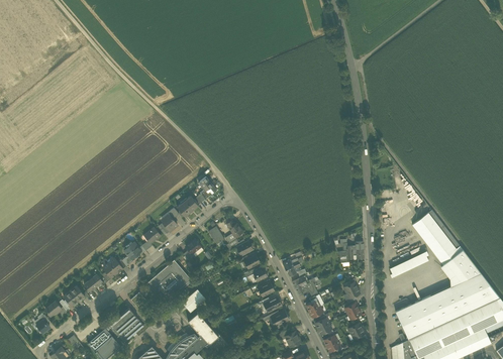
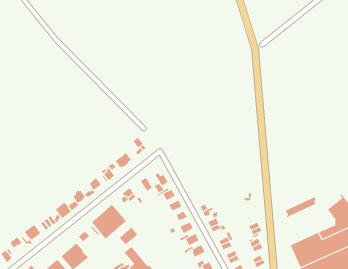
building: [412,211,460,267] -> none

